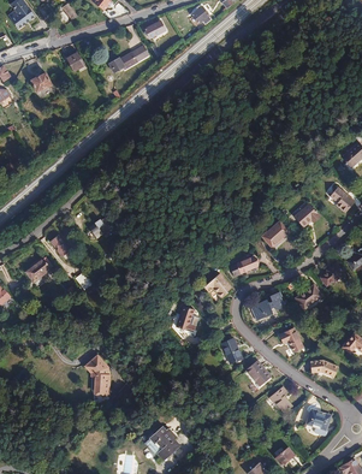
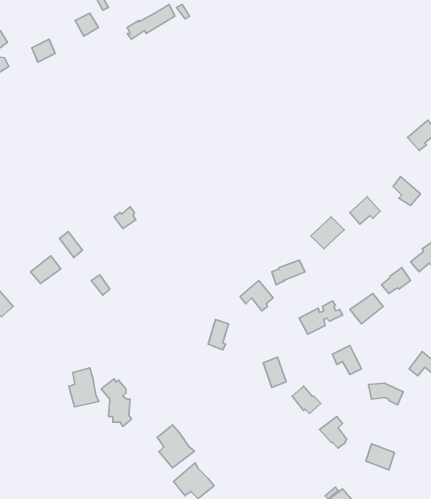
building: none -> [69,368,99,407]
building: none -> [157,425,194,468]

